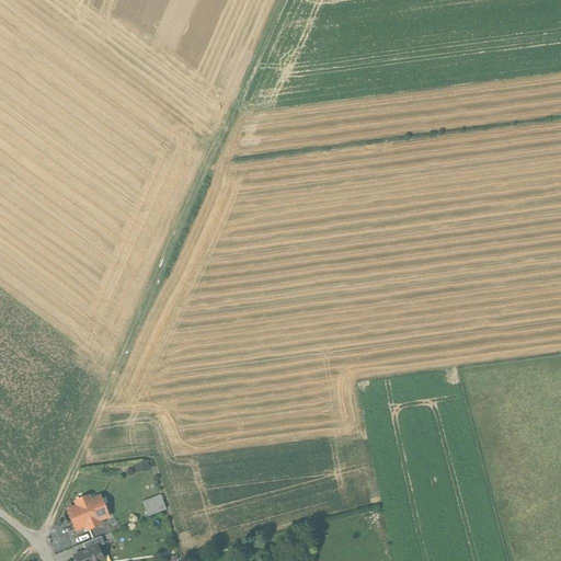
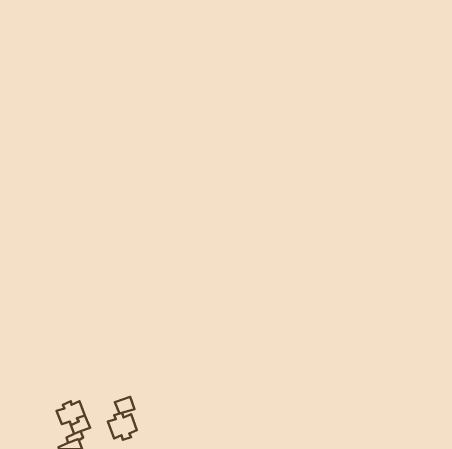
building: none -> [108,413,137,440]

